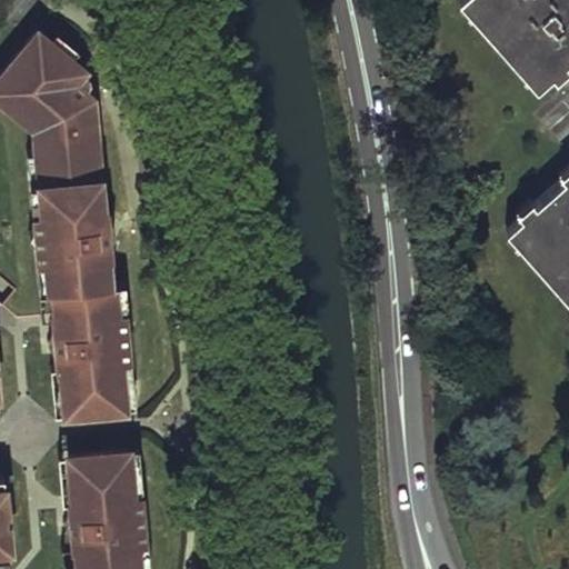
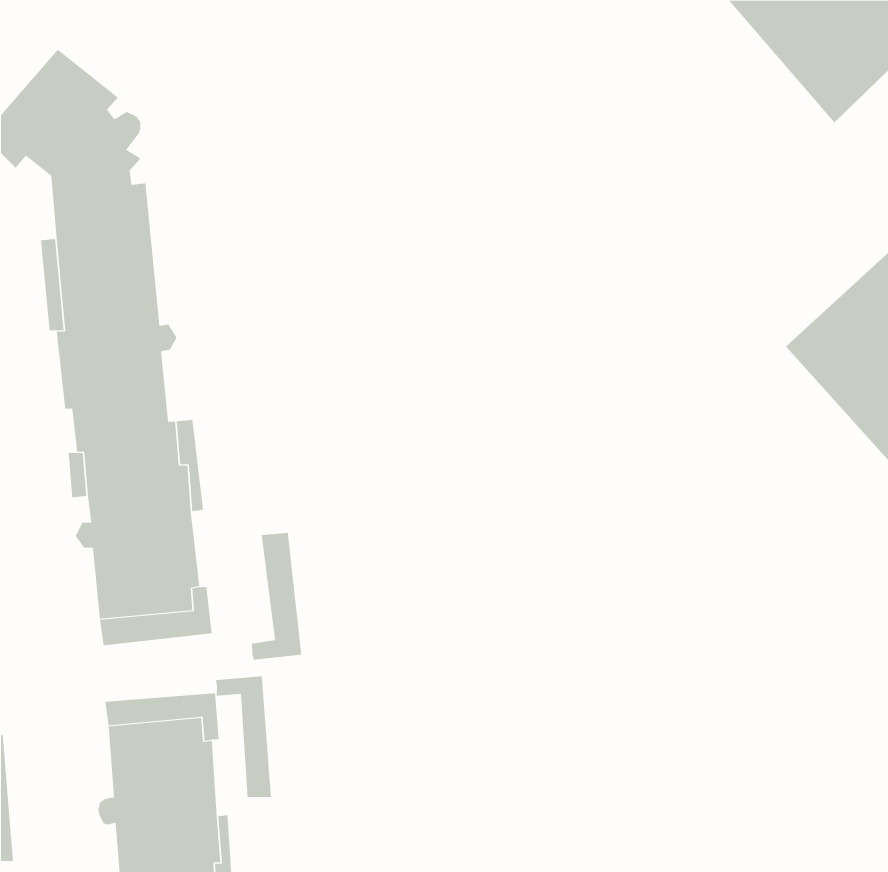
building: none -> [251,532,302,661]
building: none -> [215,676,272,798]

